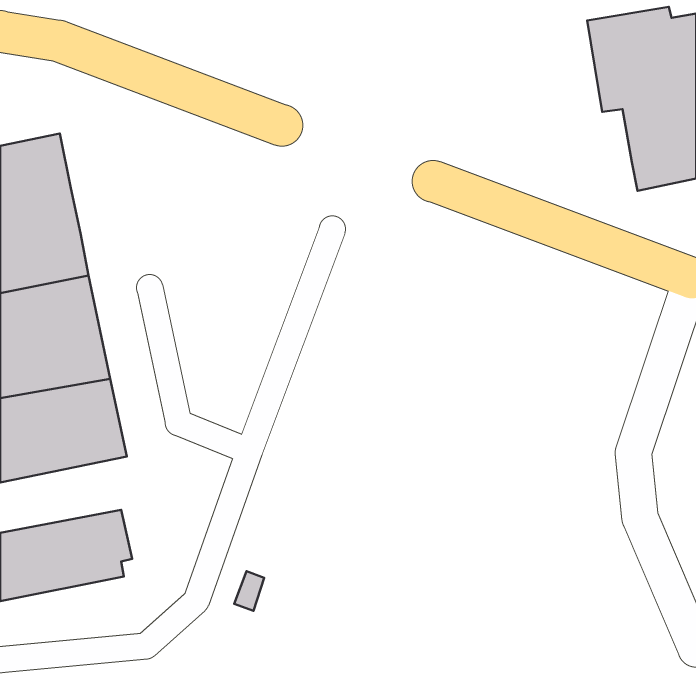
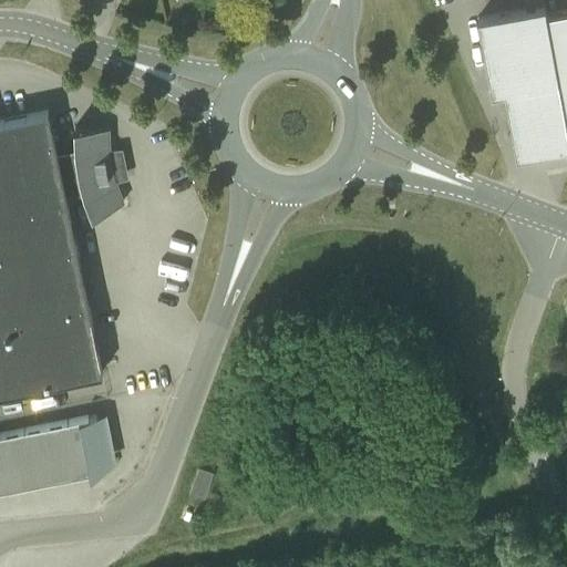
building: none -> [58,134,124,221]

